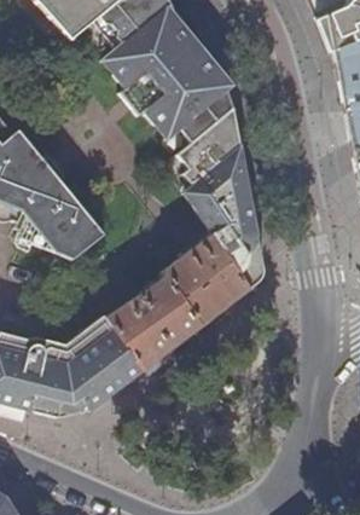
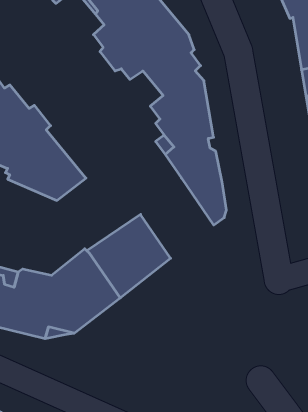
building: [163,233,249,324] -> none

